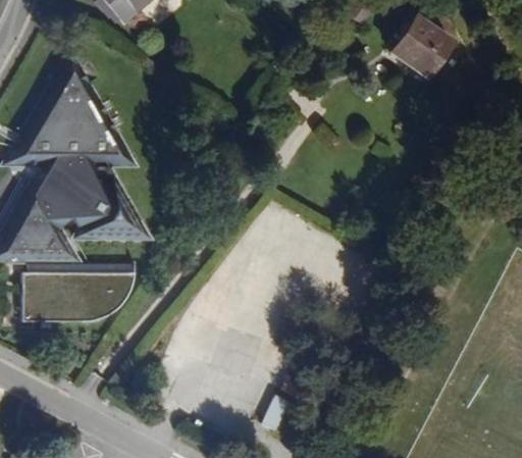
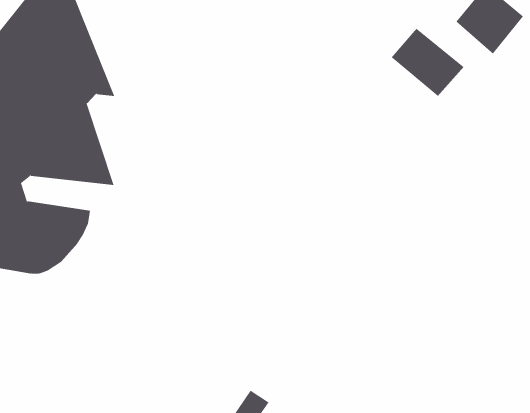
building: none -> [391,28,464,97]

